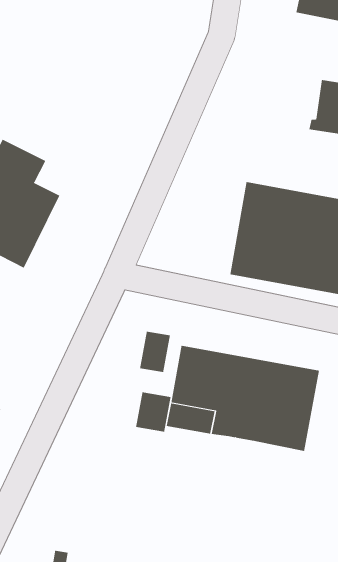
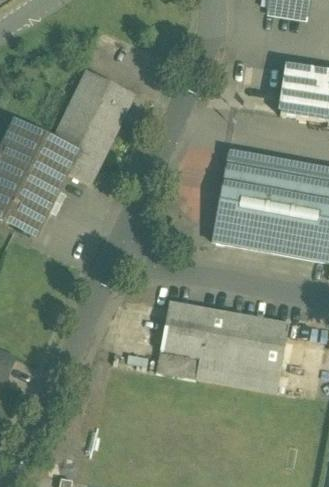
building: none -> [44,70,133,182]
building: [140,331,170,373] -> none
building: [136,391,171,433] -> none

